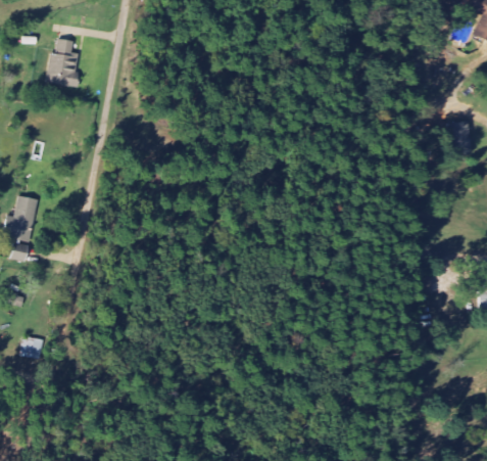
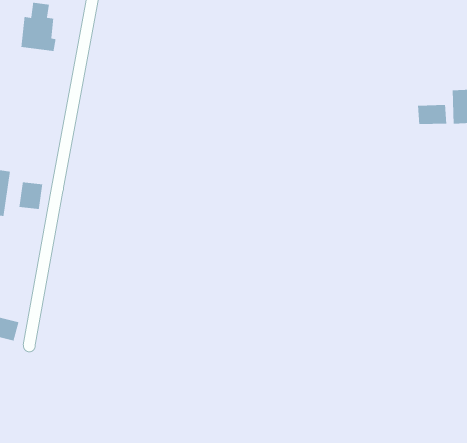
building: none -> [417,104,447,125]
building: none -> [19,181,43,210]

